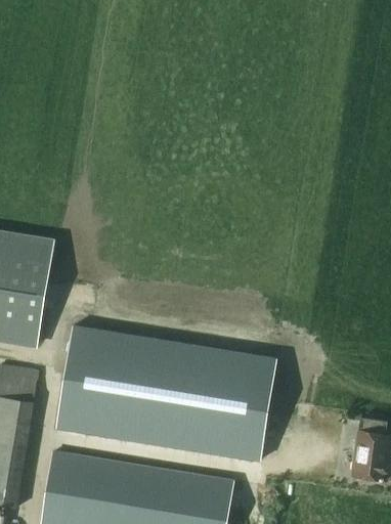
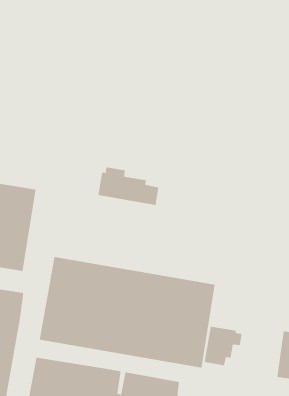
building: none -> [98,167,159,206]
building: none -> [204,326,243,366]

